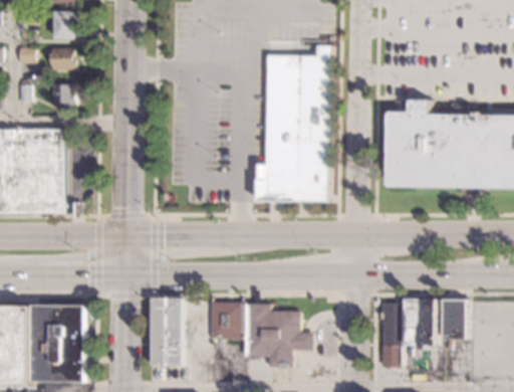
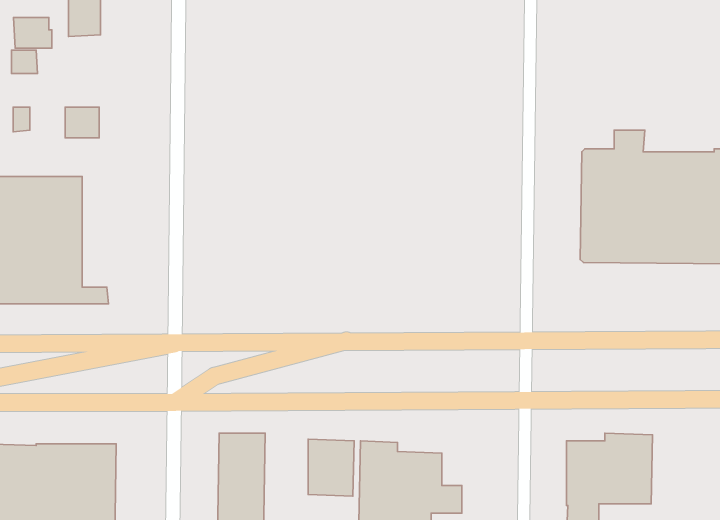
building: [254,44,330,201] -> none
building: [50,48,75,68] -> [14,17,52,48]
building: [443,300,467,338] -> none

